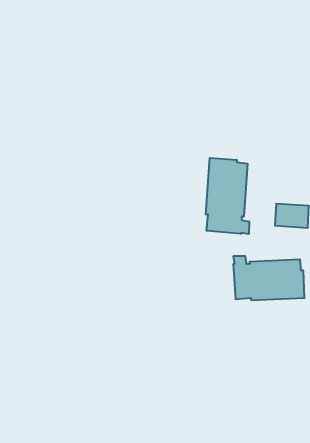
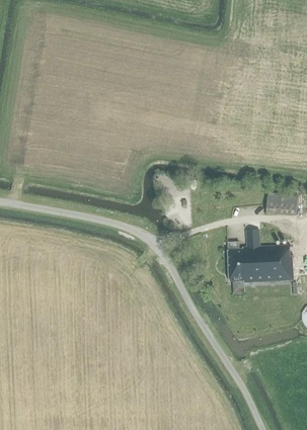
building: [206,158,249,234] -> none

